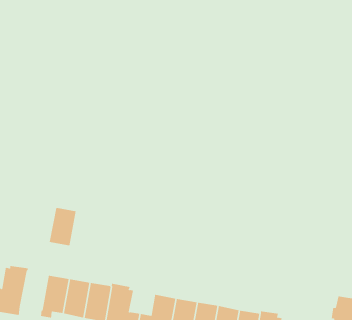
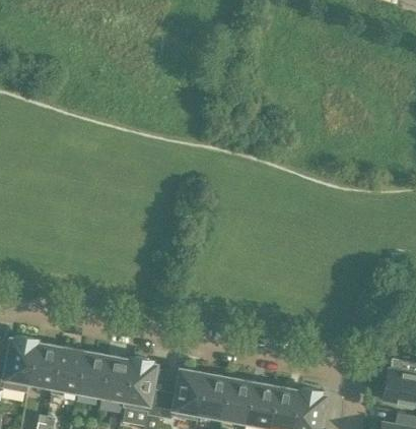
building: [49,207,76,246] -> [27,342,59,386]

